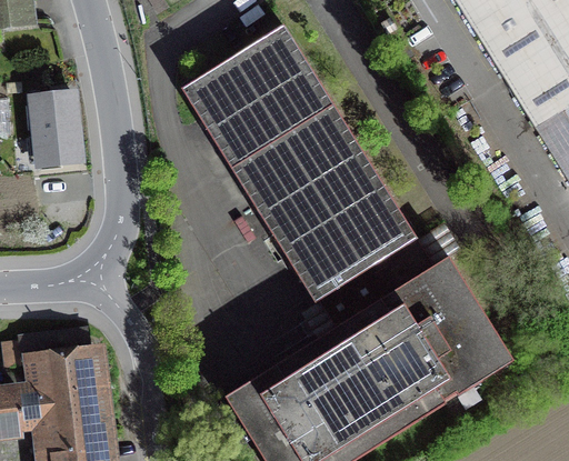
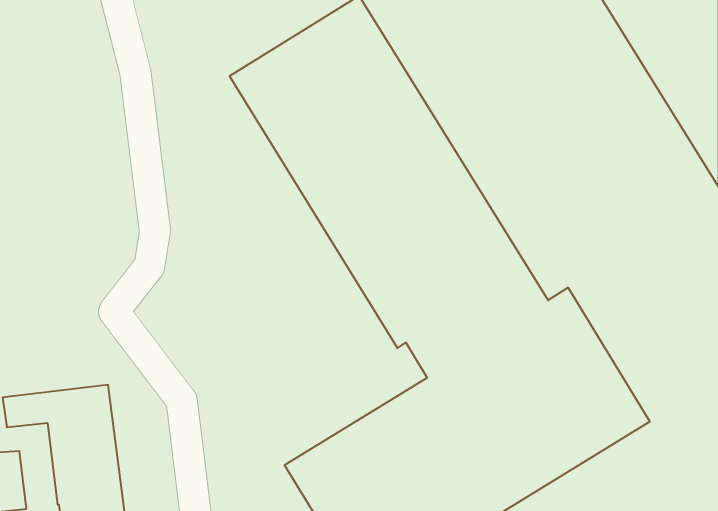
building: [32,94,81,166] -> none

